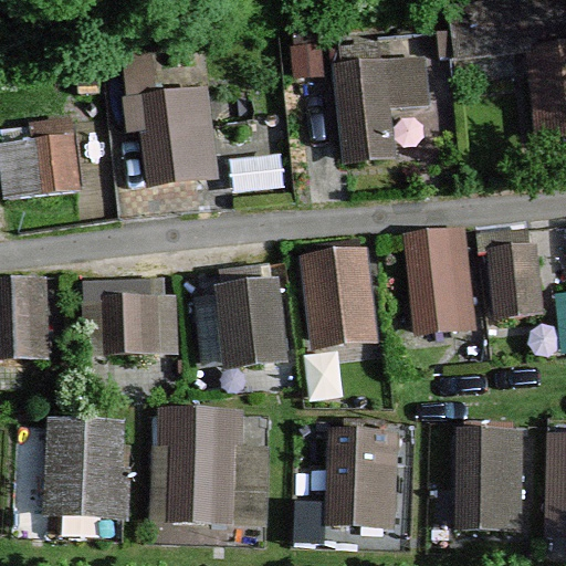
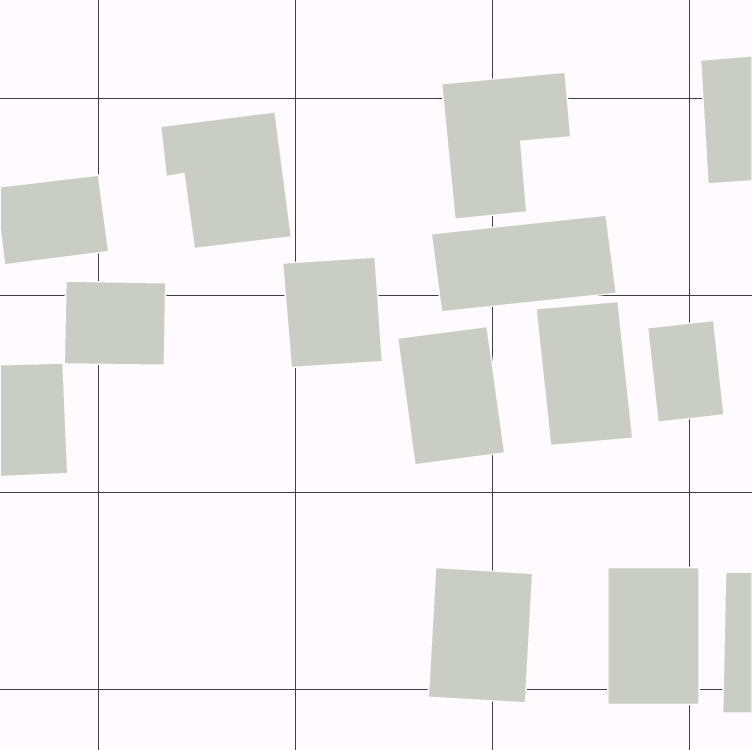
building: none -> [431,215,617,312]
building: [211,289,286,371] -> [282,257,383,367]
building: [102,292,178,355] -> [64,281,166,365]
building: [148,405,269,525] -> none
building: [43,413,129,517] -> none

